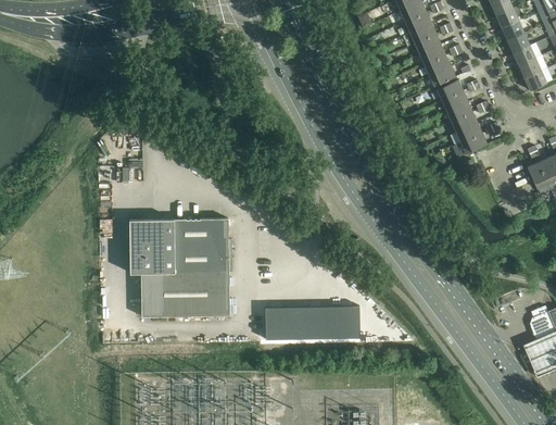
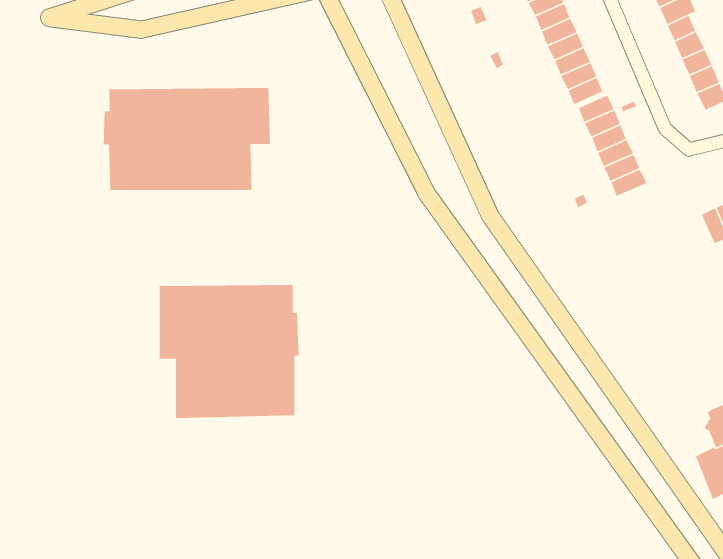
building: none -> [103,87,271,191]
building: [265,305,359,340] -> none

